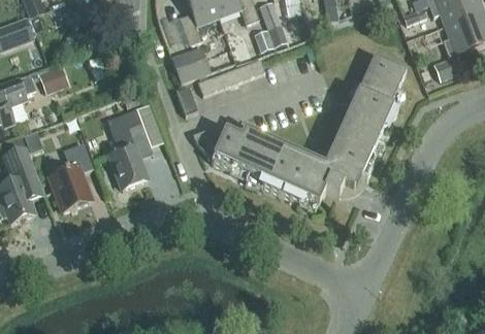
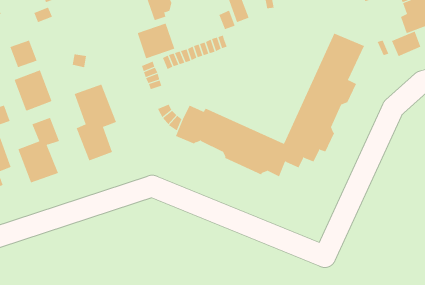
building: none -> [14,69,52,111]

